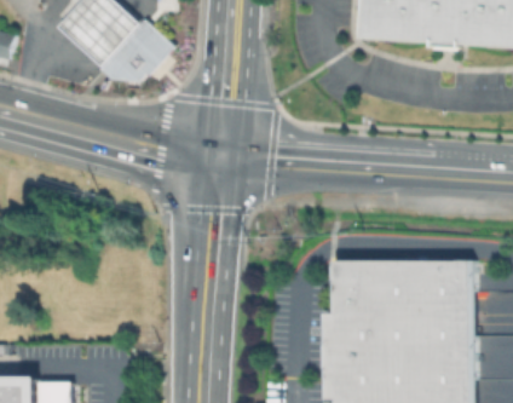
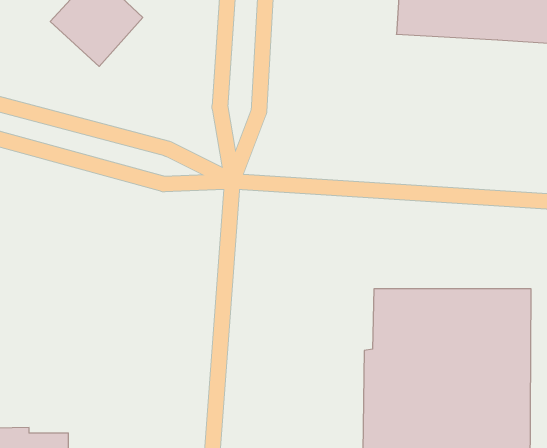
building: [96,18,171,81] -> none

